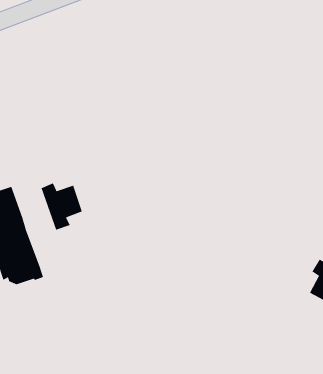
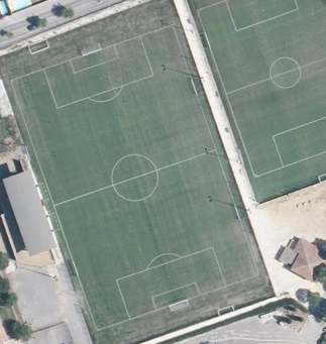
building: [41,182,83,231] -> none

